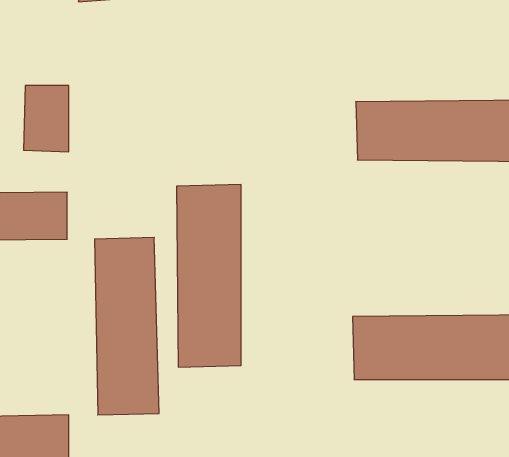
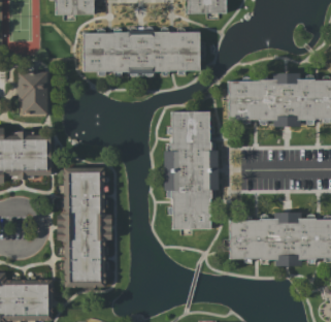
building: none -> [81,31,199,72]
building: [177,185,241,367] -> [169,110,210,227]

